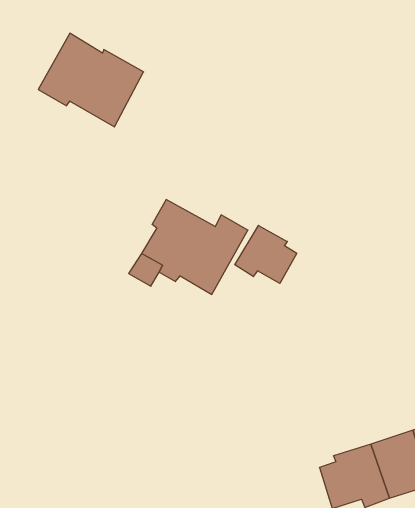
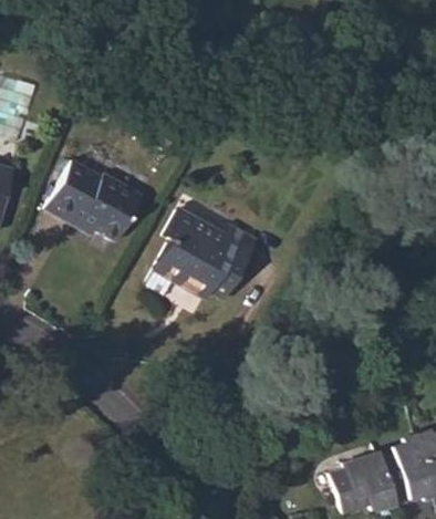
building: [38,33,144,127] -> [43,154,143,242]
building: [235,225,297,283] -> none

